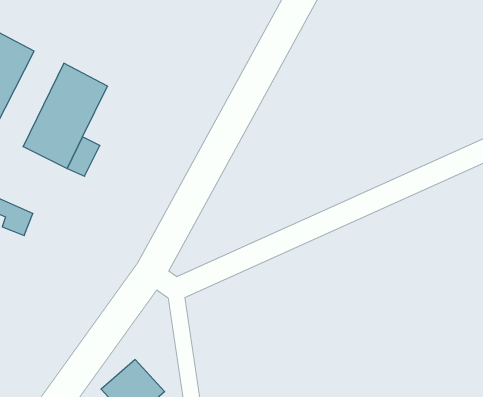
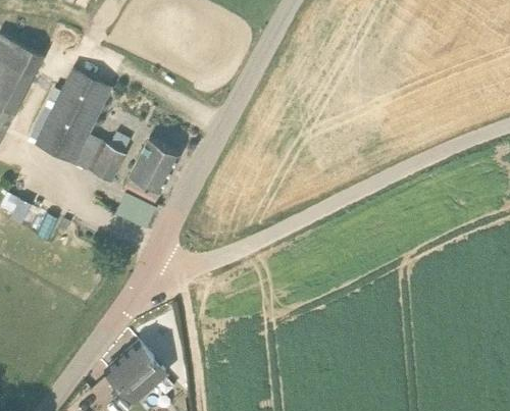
building: none -> [120,138,177,204]
building: none -> [90,144,124,183]

